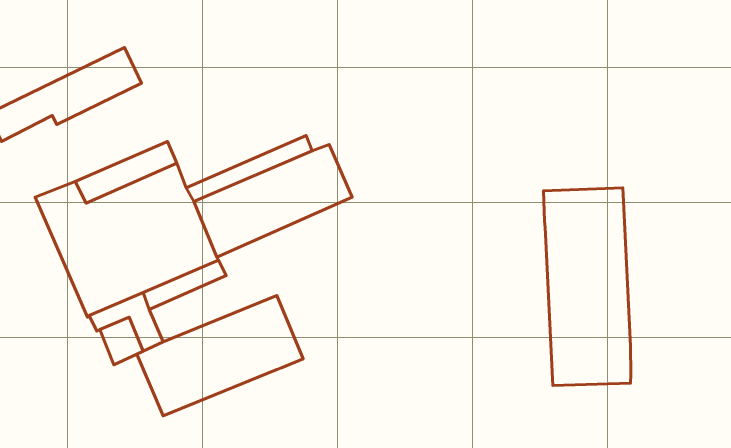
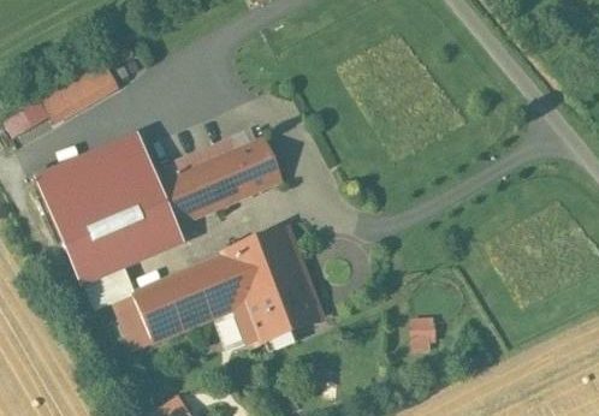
building: [543,188,631,386] -> none
building: none -> [224,228,321,341]
building: none -> [408,314,433,349]

